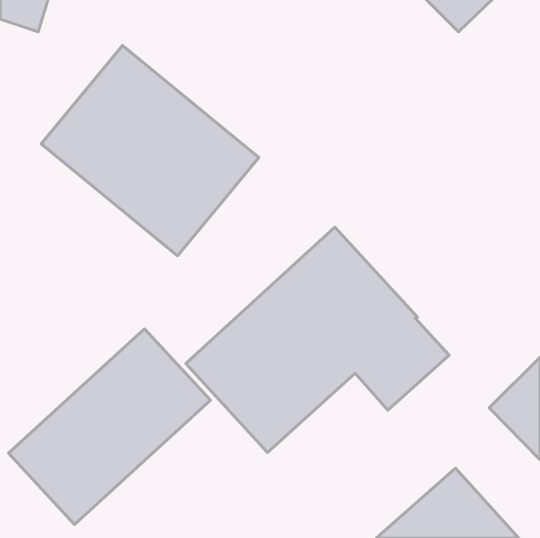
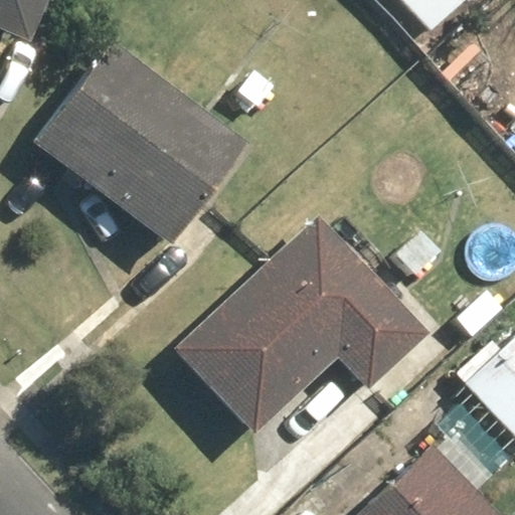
building: [8,329,210,525] -> none

